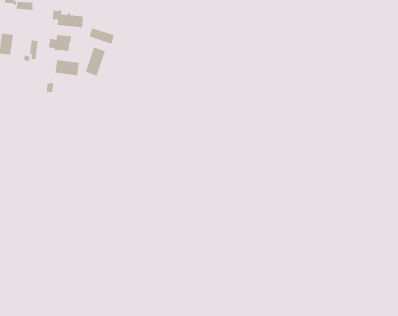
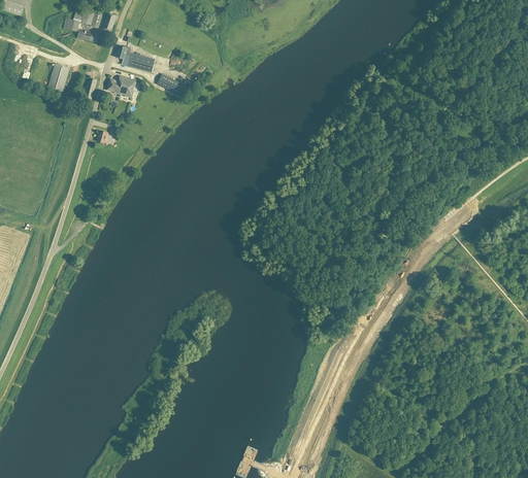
building: [85,47,106,76] -> none
building: [55,59,79,76] -> none

